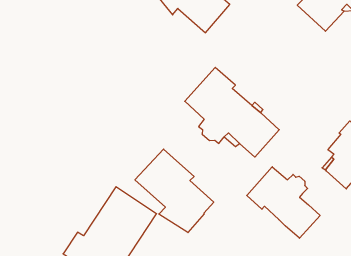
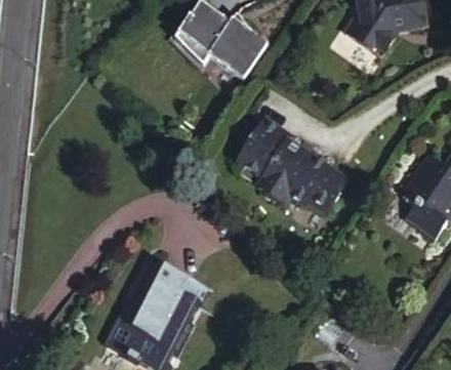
building: [135,149,214,233] -> none
building: [247,167,320,238] -> none

